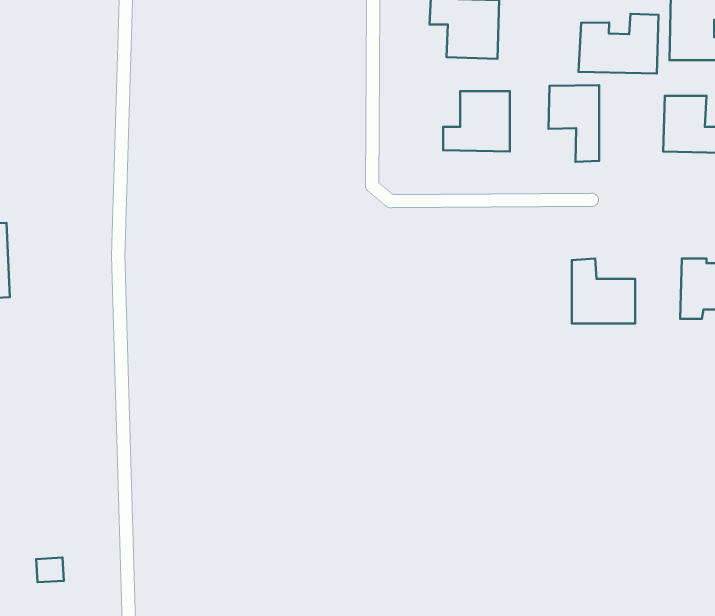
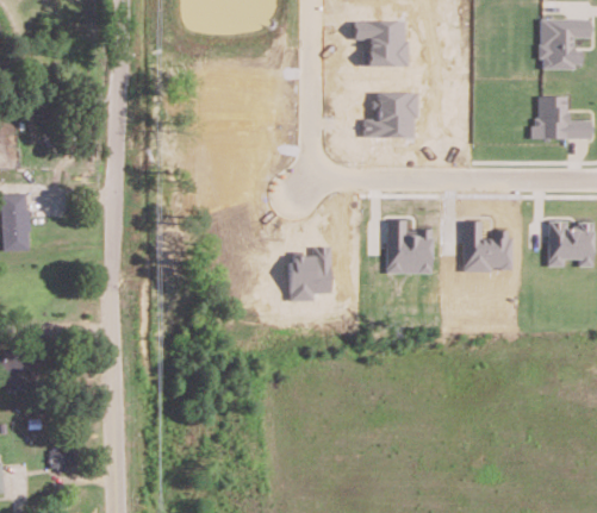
building: [579,14,658,74] -> none
building: [549,85,599,162] -> none
building: none -> [385,219,431,273]
building: none -> [288,246,331,301]

